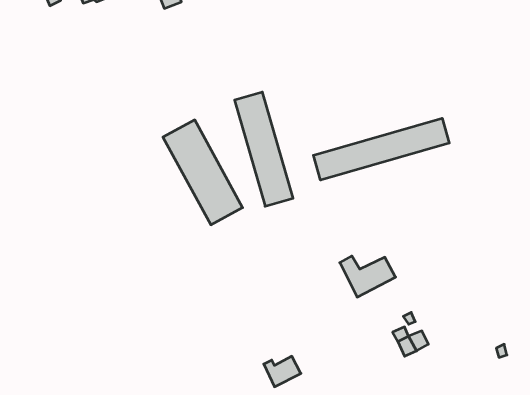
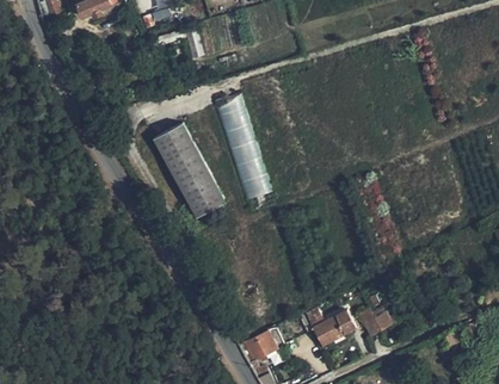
building: [313,118,449,180] -> none
building: [340,256,396,297] -> [306,309,356,346]

